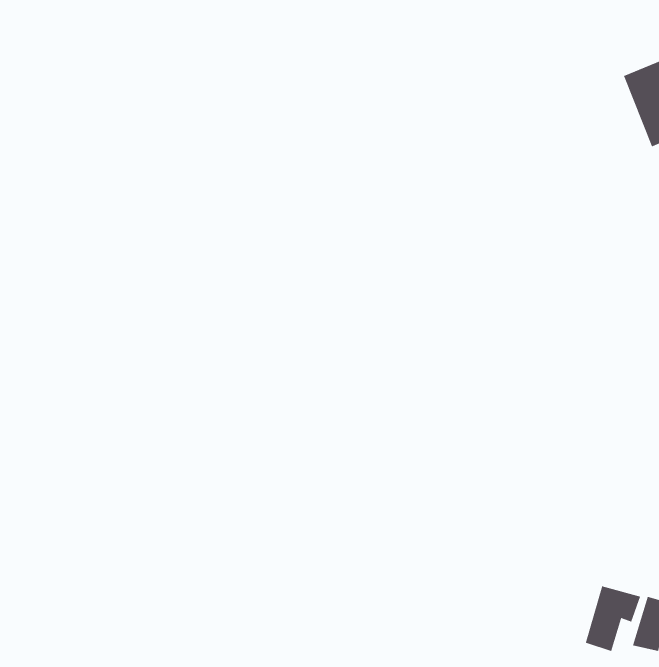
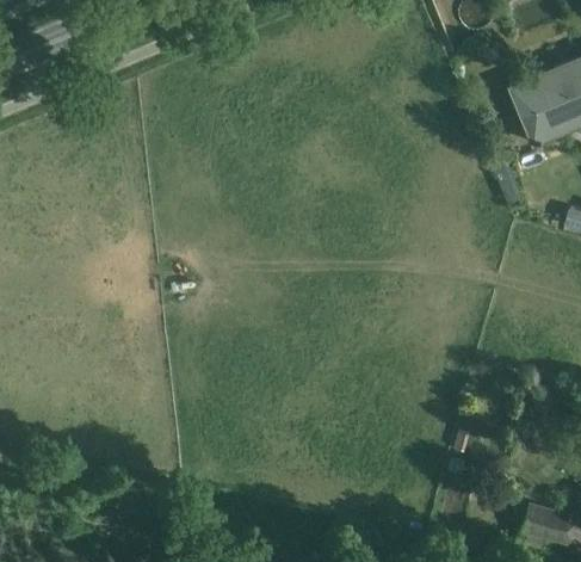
building: [585,586,641,652] -> none

